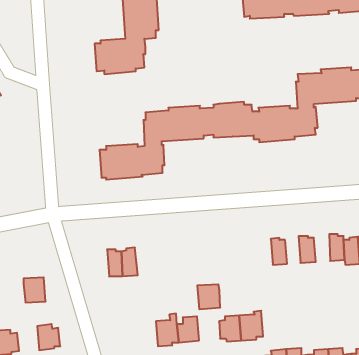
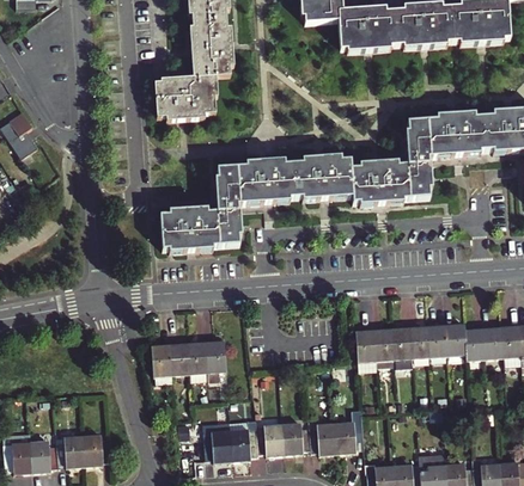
building: none -> [428,321,449,356]
building: none -> [392,324,412,358]
building: none -> [357,327,377,361]
building: none -> [205,338,226,373]
building: none -> [151,340,172,383]
building: [24,277,46,302] -> [57,436,85,467]
building: [197,284,220,309] -> [282,423,311,454]
building: none -> [202,427,233,462]

